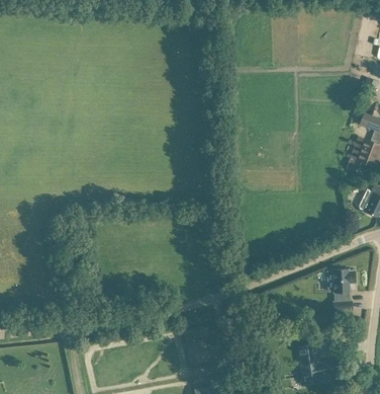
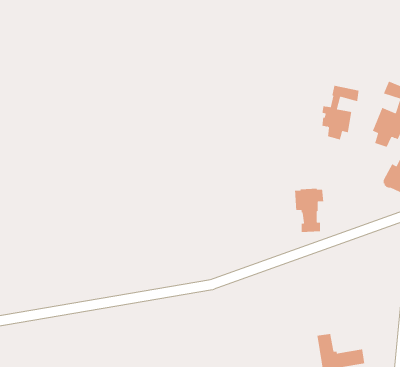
building: none -> [321,85,360,140]
building: [327,268,355,310] -> [294,188,324,233]

